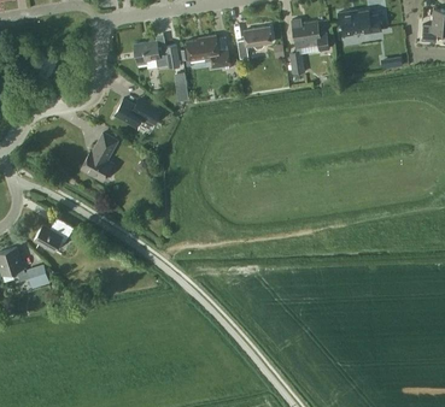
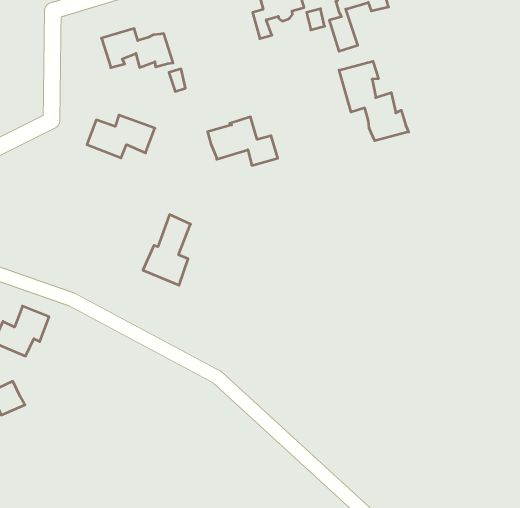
building: [186,35,230,67] -> [208,117,278,165]
building: none -> [339,61,409,141]
building: [81,132,117,181] -> [143,215,191,285]

